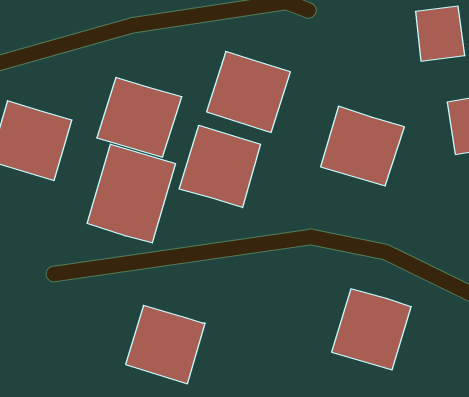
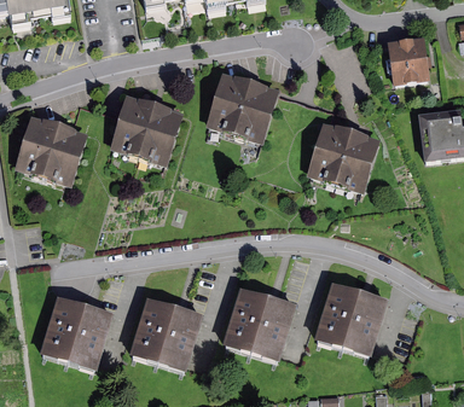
building: [179,125,260,208] -> none
building: [87,144,175,243] -> none
building: none -> [221,290,295,362]
building: none -> [37,298,110,372]

